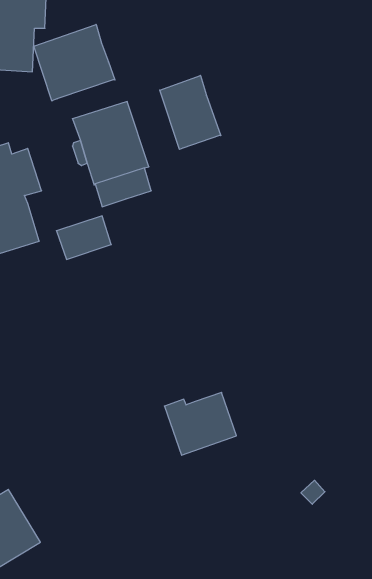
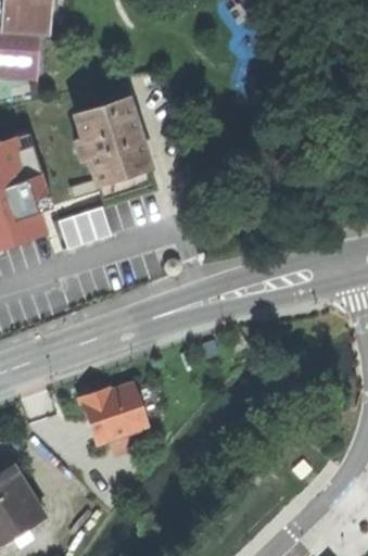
building: [34,24,115,101] -> none
building: [160,75,221,149] -> none
building: [164,392,236,455] -> [81,382,150,442]

